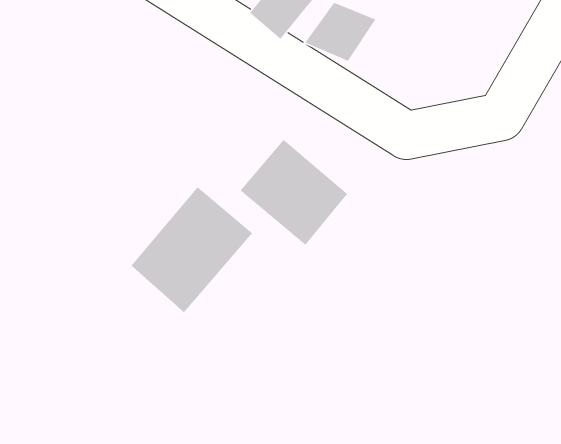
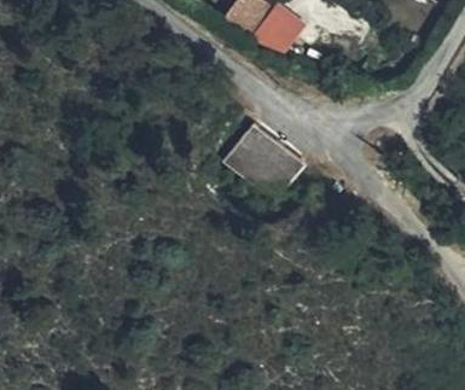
building: [130,186,253,313] -> none

